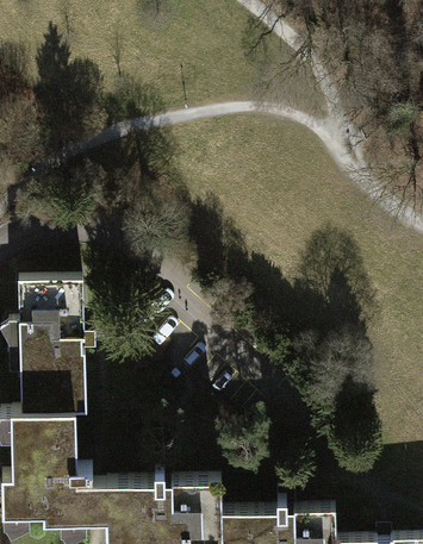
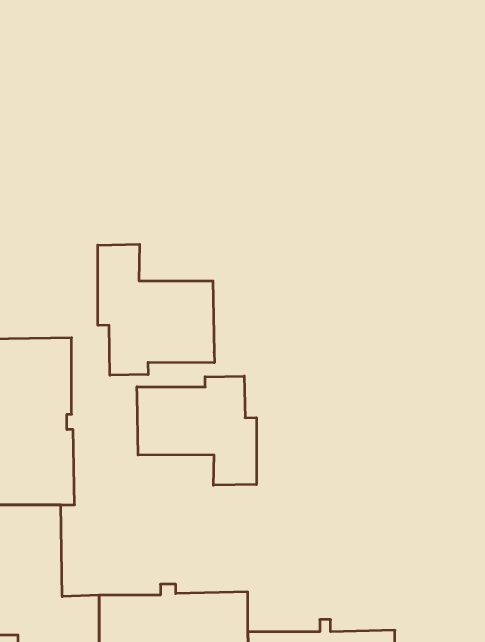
building: none -> [98,244,214,375]
building: none -> [137,376,256,485]

